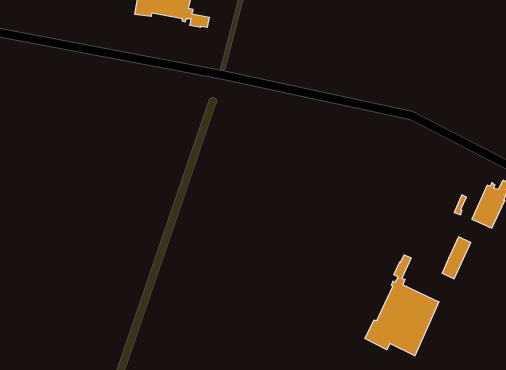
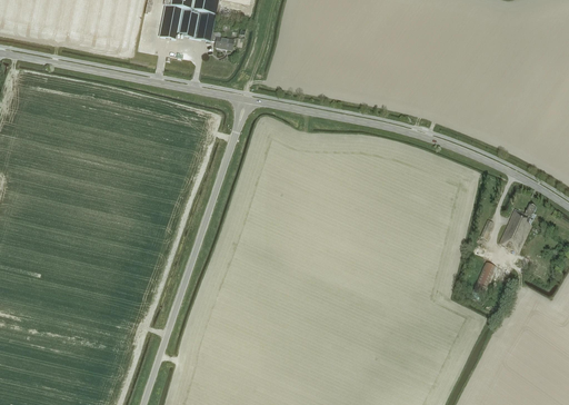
building: [365,255,439,356] -> none

